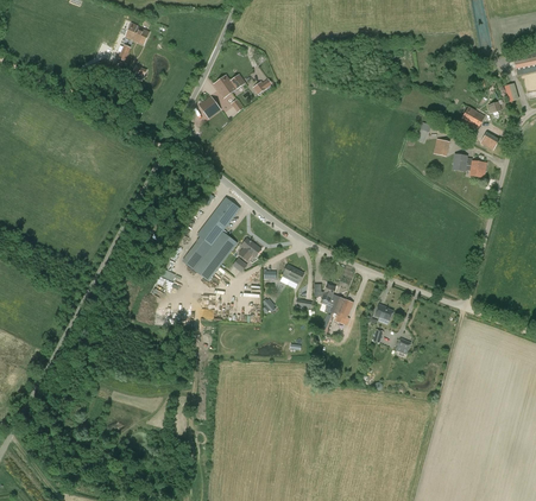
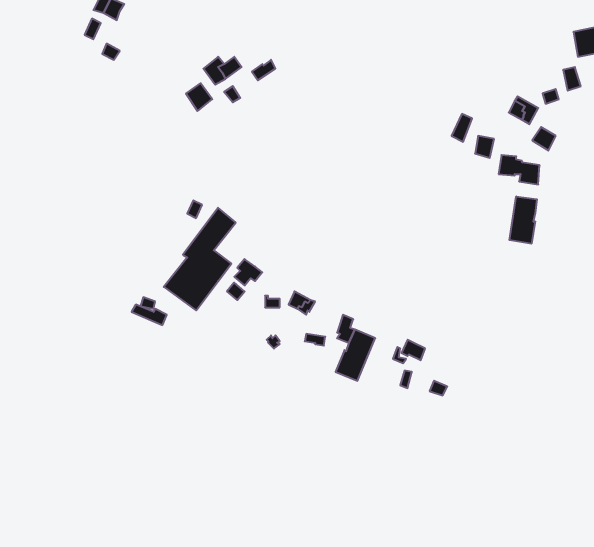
building: none -> [509,196,537,244]

